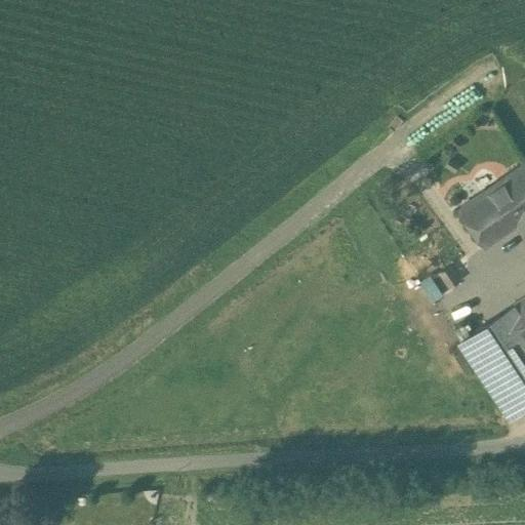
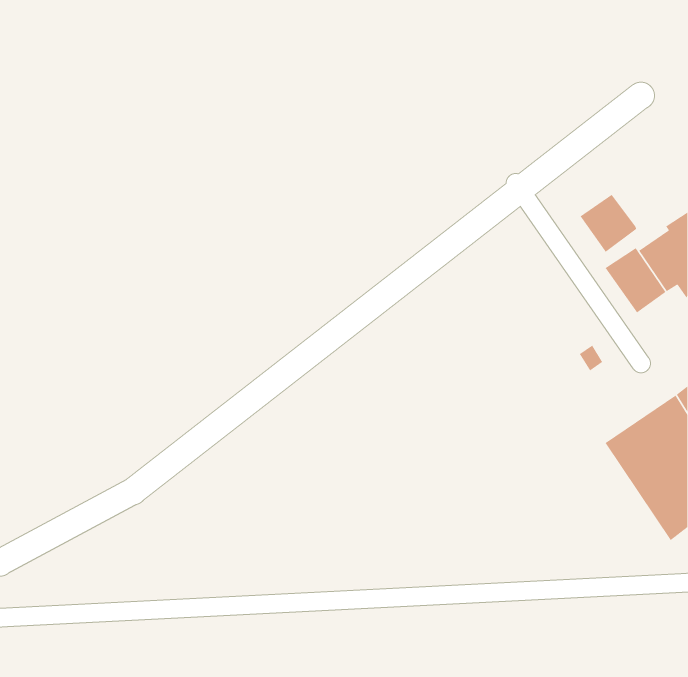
building: none -> [580,194,637,253]

